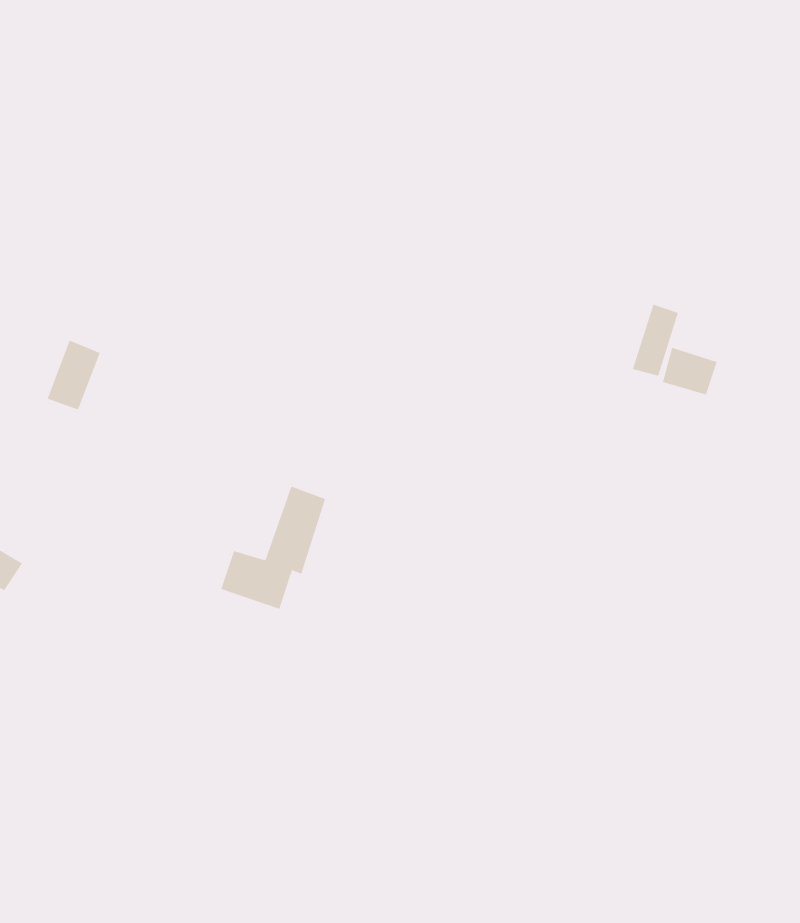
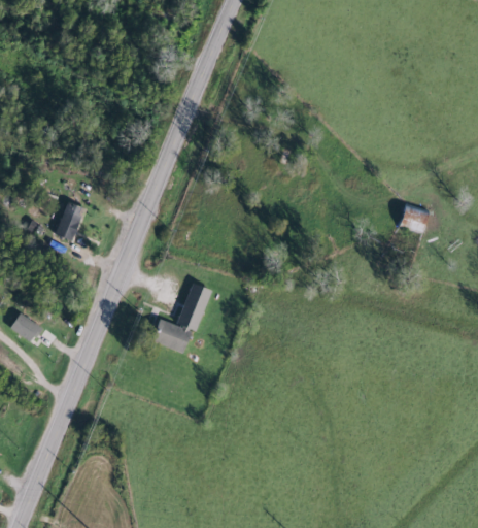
building: [632,304,678,377] -> none

